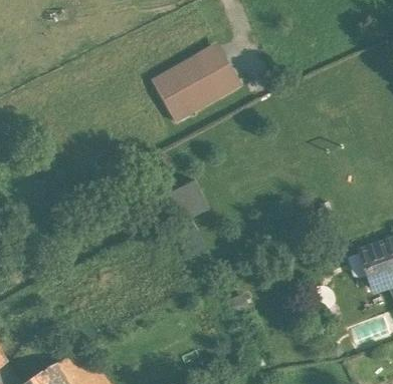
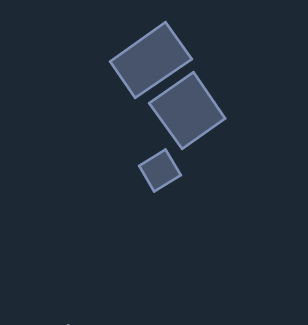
building: none -> [149,72,225,149]

